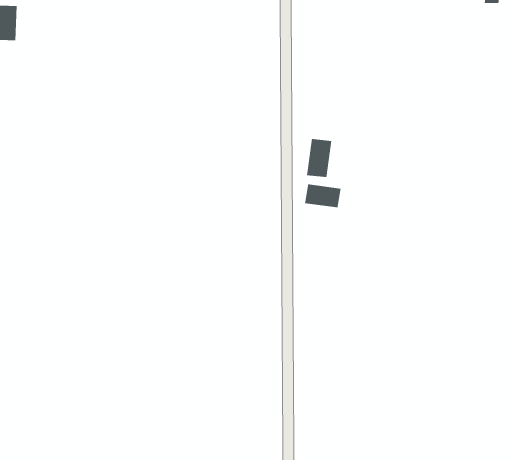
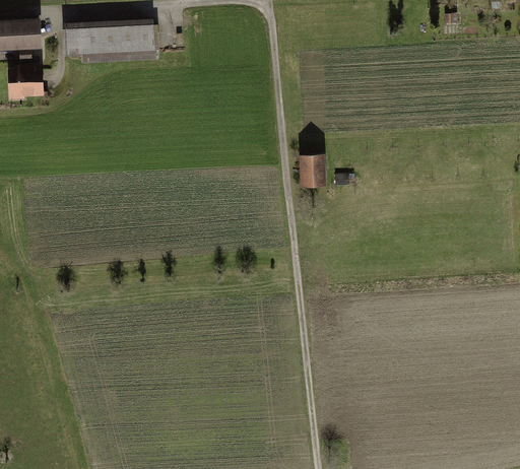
building: [305,184,341,208] -> none

